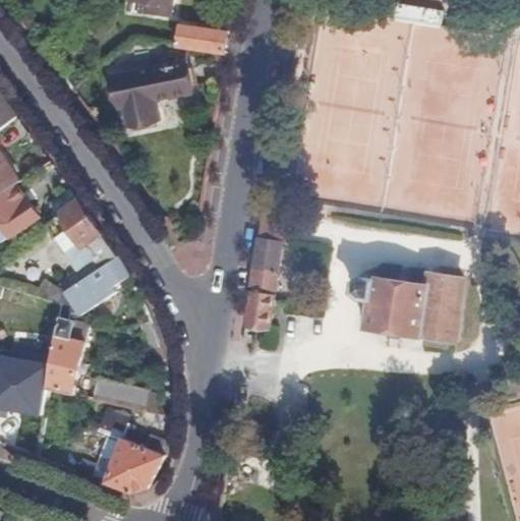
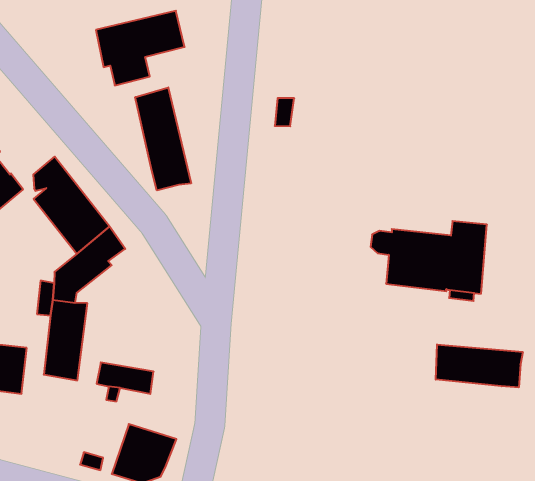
building: none -> [135,87,191,190]
building: [244,215,286,330] -> none
building: none -> [436,344,523,387]

